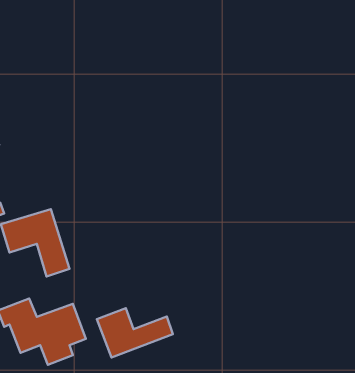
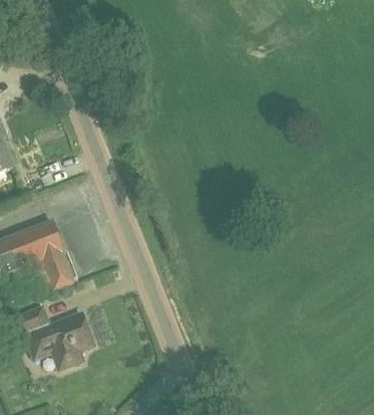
building: [97,308,173,358] -> none

